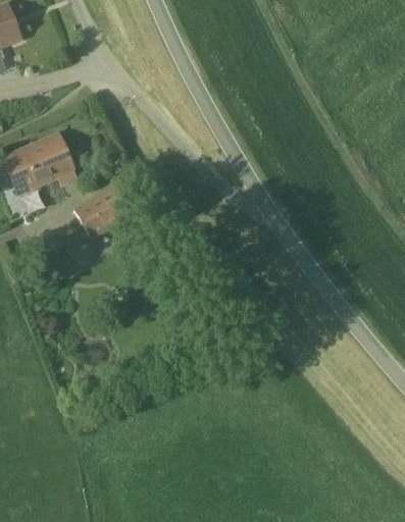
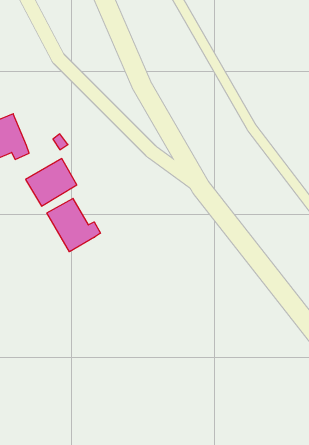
building: none -> [47,198,100,252]

